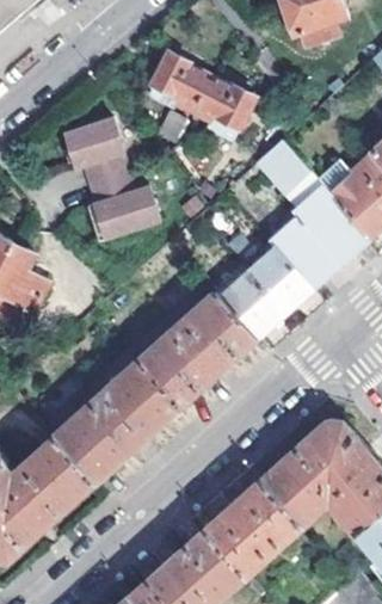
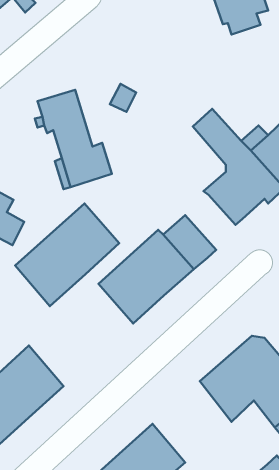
building: [154,51,257,131] -> none
building: [246,247,313,315] -> none
building: [53,357,181,483] -> [15,204,119,306]
building: [205,477,303,578] -> none

